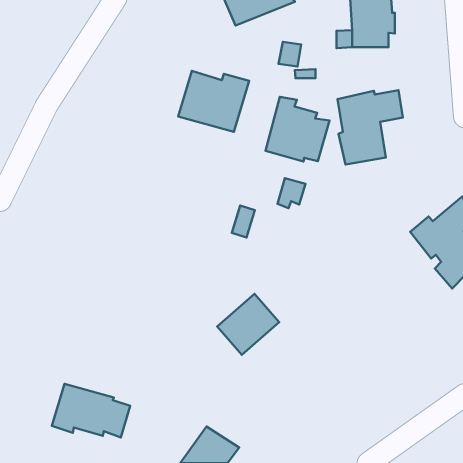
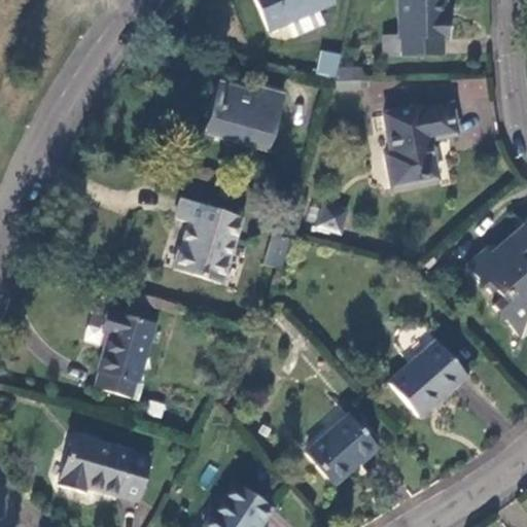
building: [265,97,329,162] -> none
building: none -> [175,199,243,282]
building: none -> [99,309,154,395]
building: [217,294,279,355] -> [307,414,377,483]
building: none -> [390,341,468,416]

